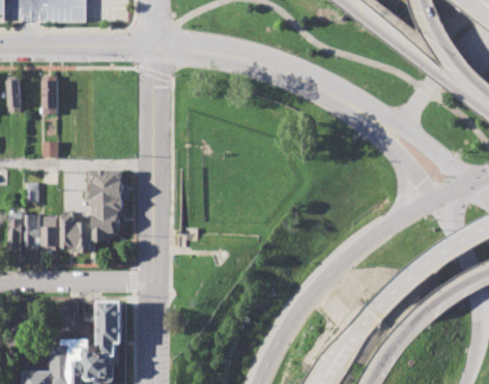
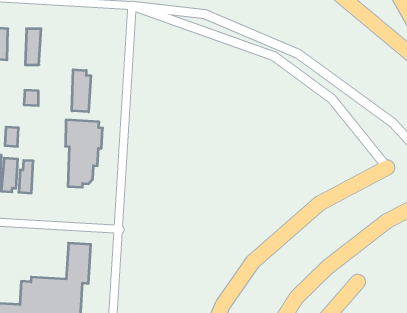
building: none -> [72,70,91,112]
building: [61,214,91,255] -> none

